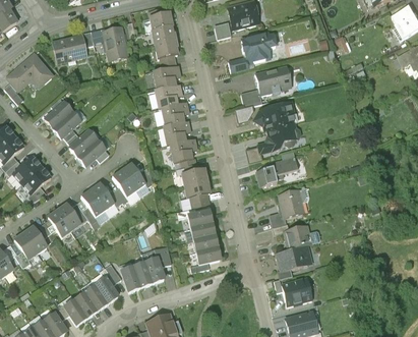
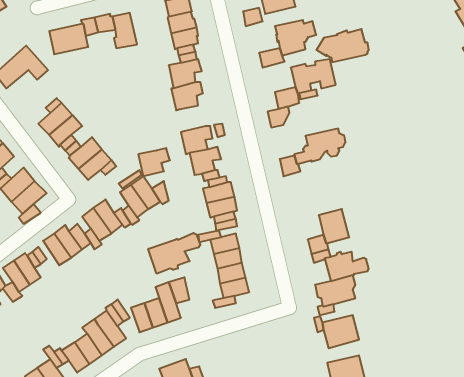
building: [162,102,188,125] -> [138,148,170,176]
building: [253,102,297,129] -> [316,29,369,62]
building: [256,158,297,186] -> none
building: none -> [148,233,200,274]

